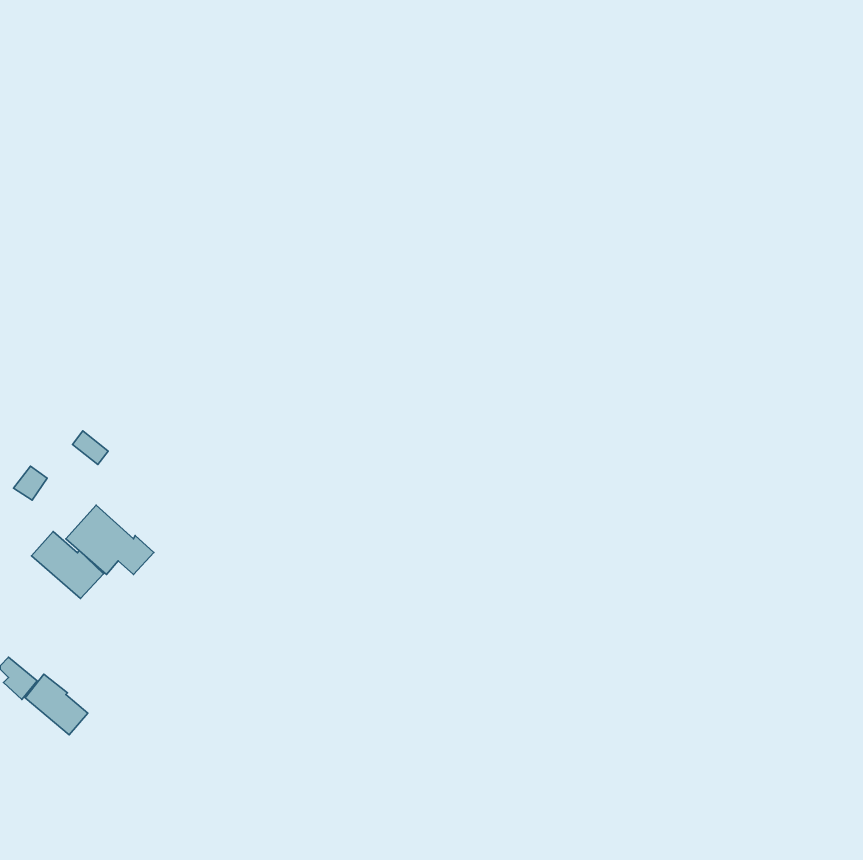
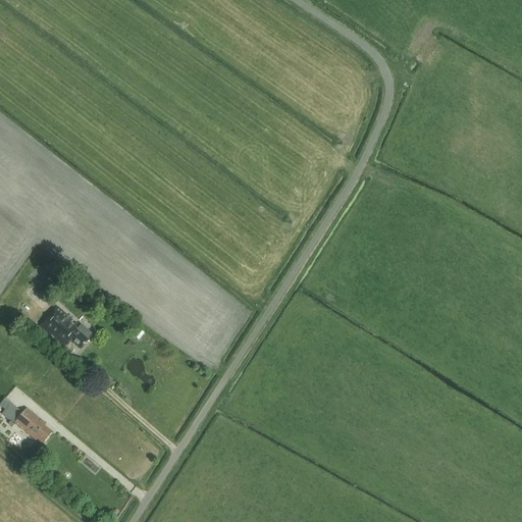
building: [32,531,104,599] -> none

